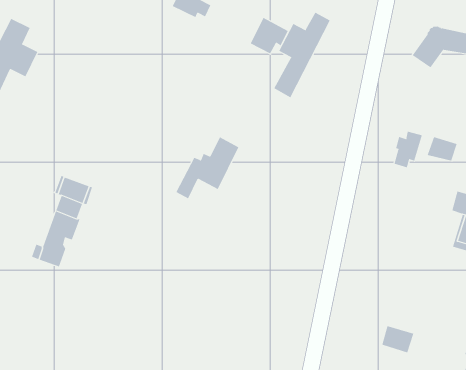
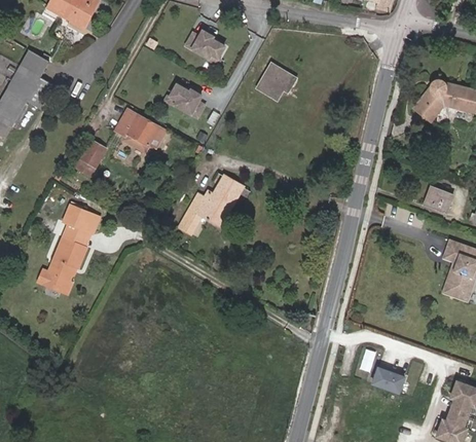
building: [274,12,331,98] -> none
building: none -> [169,86,203,118]
building: none -> [116,109,159,151]
building: none -> [76,140,106,175]
building: [394,131,422,168] -> none

